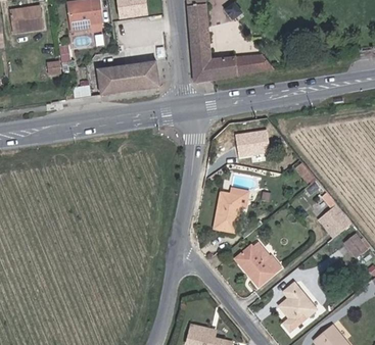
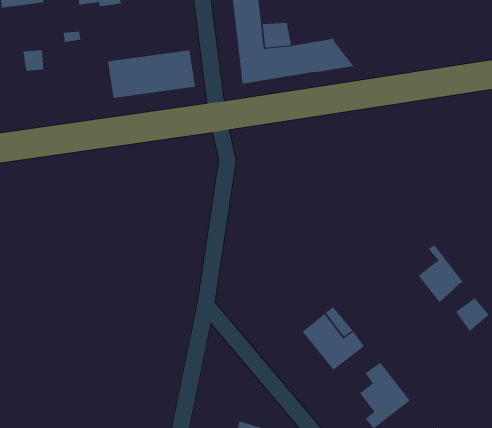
building: [234,135,266,160] -> none
building: [216,189,241,231] -> none

